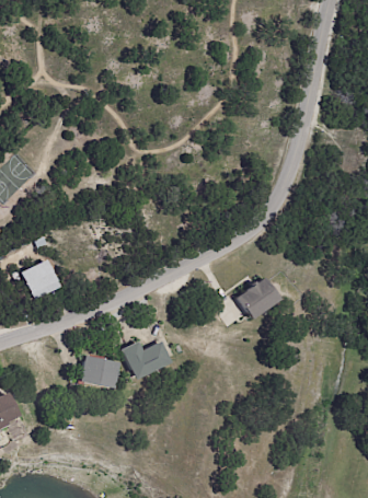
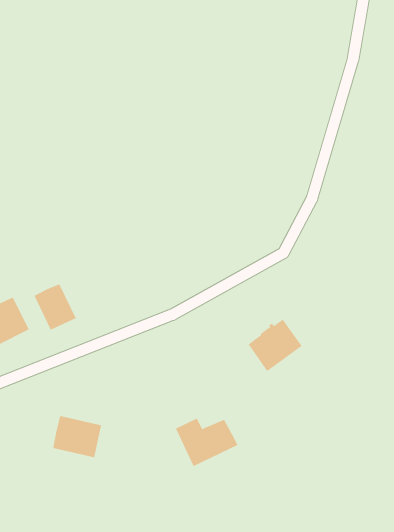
building: none -> [34,284,76,330]
building: [123,340,173,380] -> [175,418,238,467]

